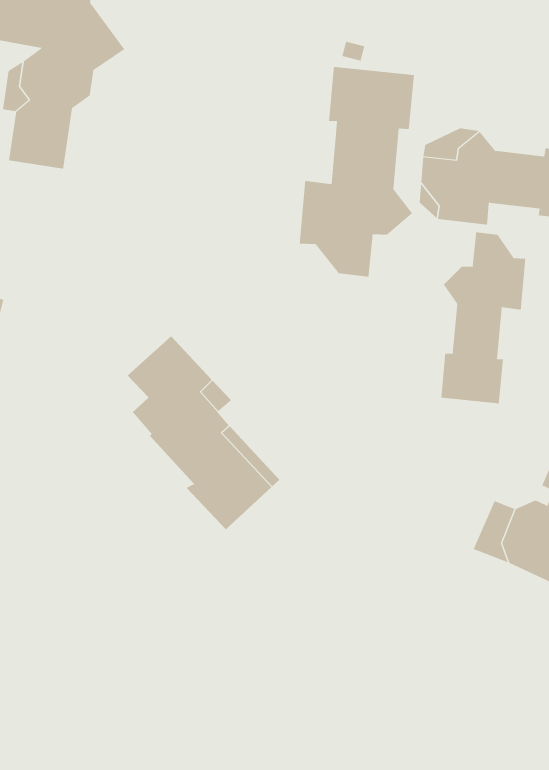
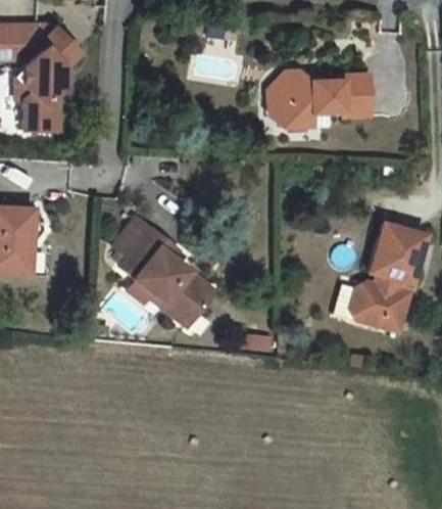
building: [299,66,414,277] -> none
building: [441,231,526,404] -> none

